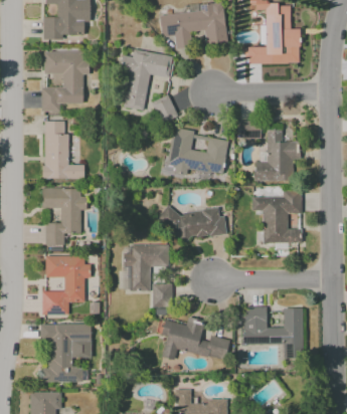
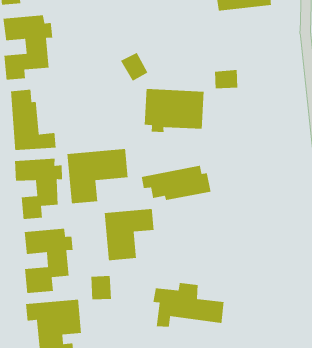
building: [121,49,173,110] -> none
building: [254,129,297,181] -> none
building: none -> [67,148,129,204]
building: [252,189,302,242] -> none
building: [152,282,172,306] -> [91,275,112,300]
building: [242,305,303,358] -> none

